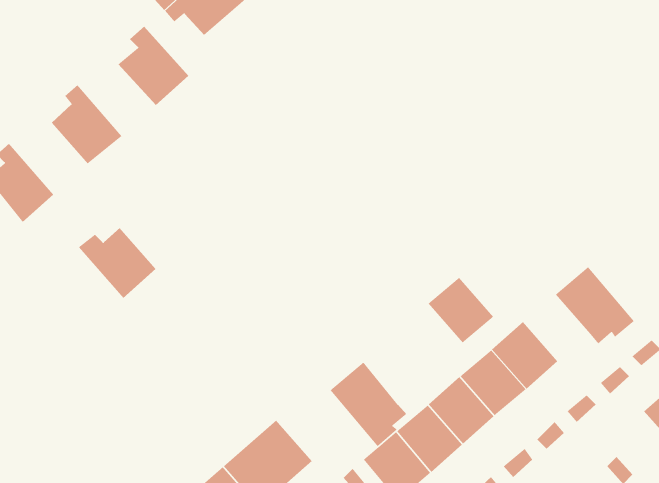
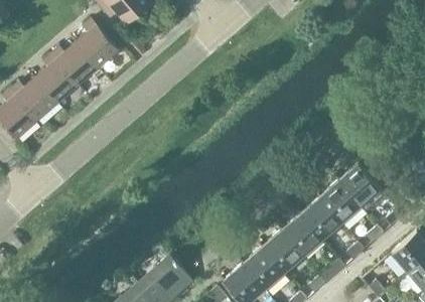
building: none -> [50,43,98,87]
building: [78,227,156,299] -> [9,79,56,122]
building: [427,277,494,344] -> [319,182,360,222]
building: [329,362,407,447] -> none

